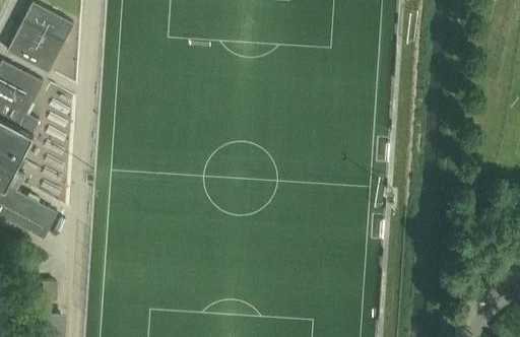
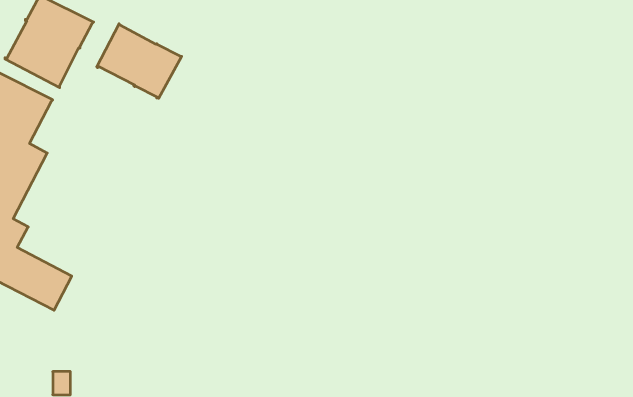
building: none -> [97,24,182,98]

